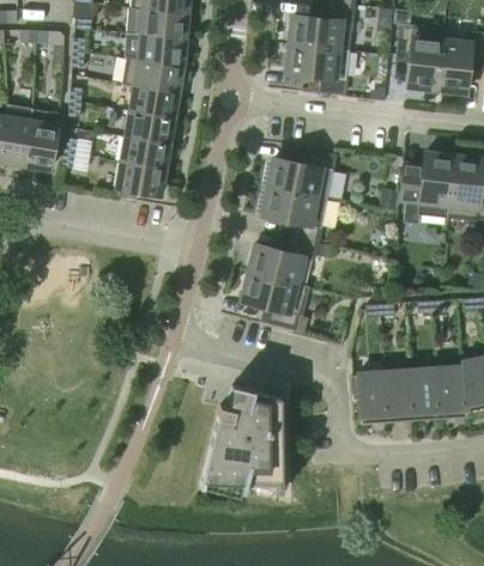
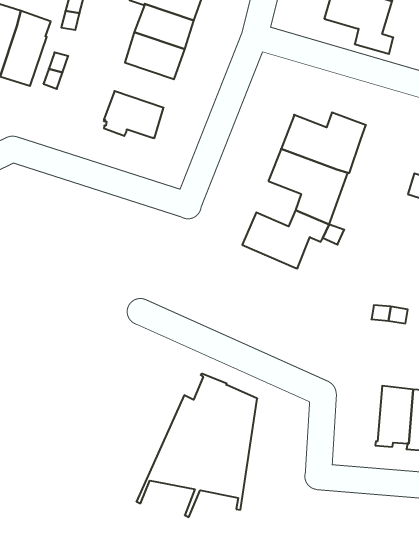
building: [122,136,170,169] -> none
building: [242,272,310,328] -> none
building: [351,370,388,422] -> none

